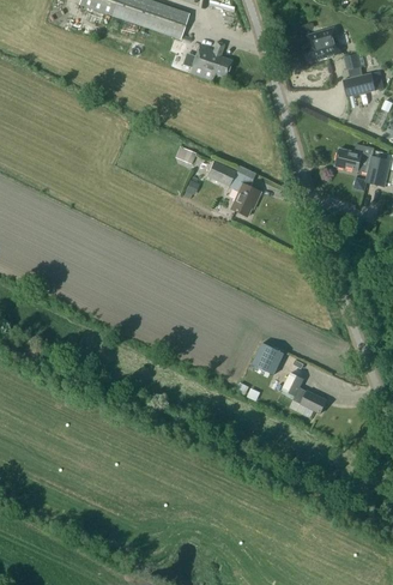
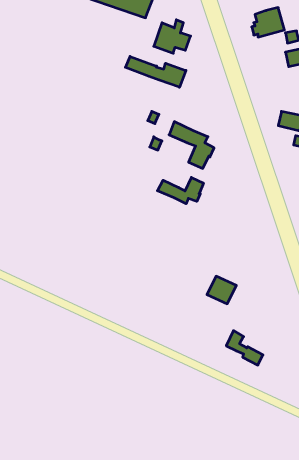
building: none -> [125,56,186,87]
building: none -> [157,177,203,204]
building: [283,370,326,411] -> [226,331,263,365]

